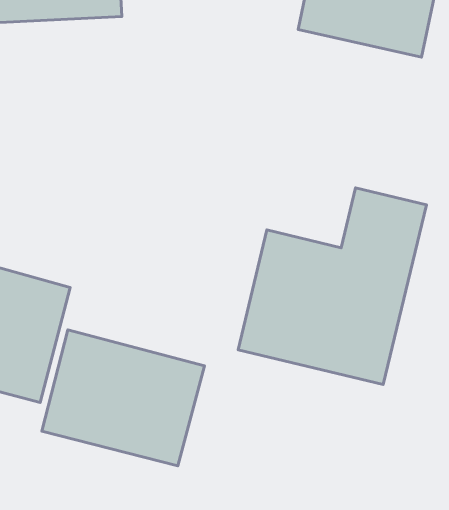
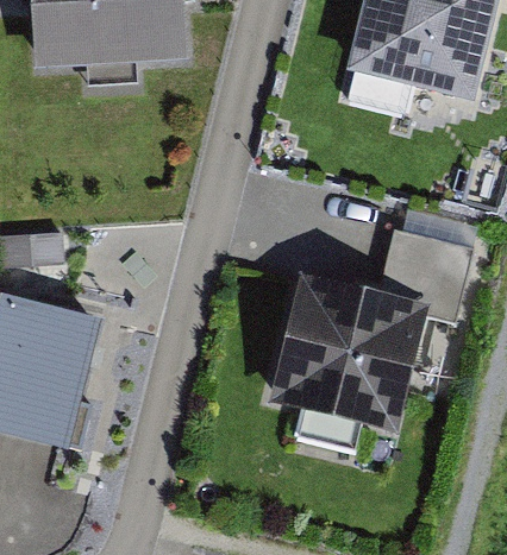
building: [42,330,205,466] -> none

